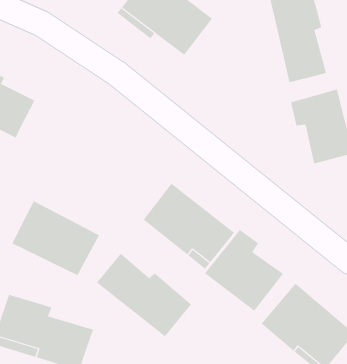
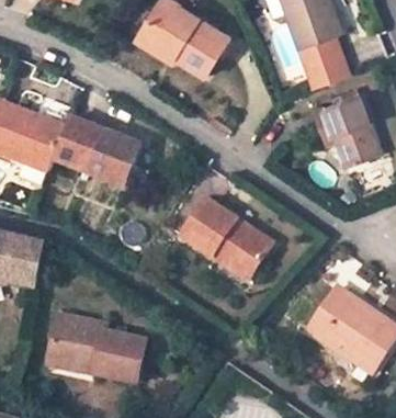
building: [11,201,100,276] -> [54,113,139,182]
building: [204,229,284,312] -> none
building: [96,253,192,337] -> none

